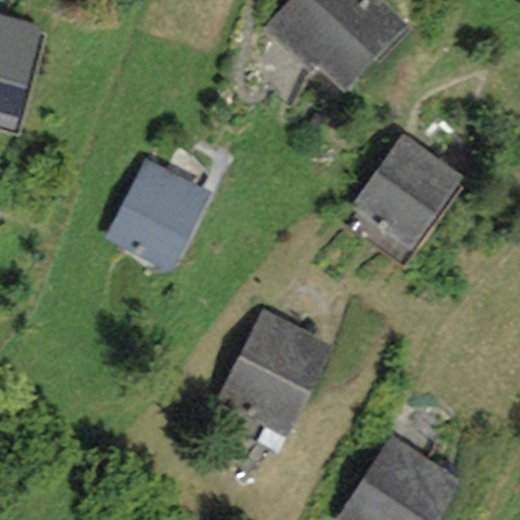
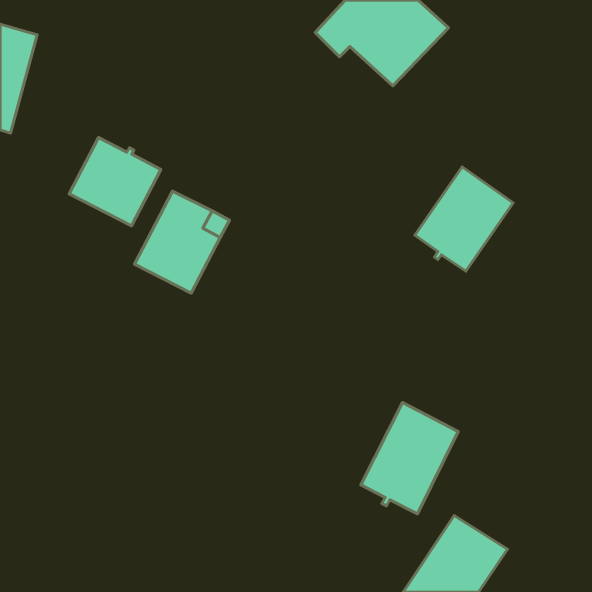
building: none -> [69,138,161,226]
building: [230,323,315,420] -> [361,403,458,514]

